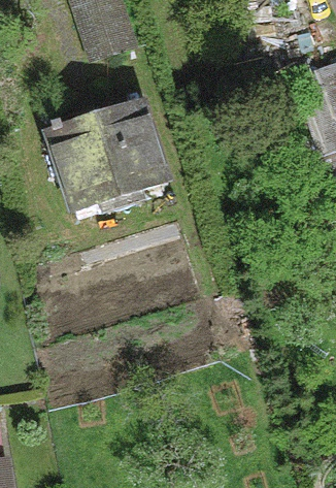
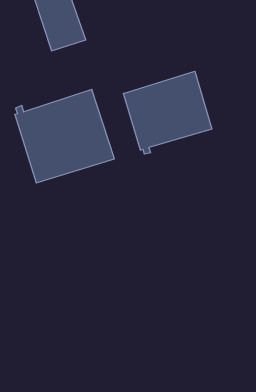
building: none -> [123,71,212,154]

